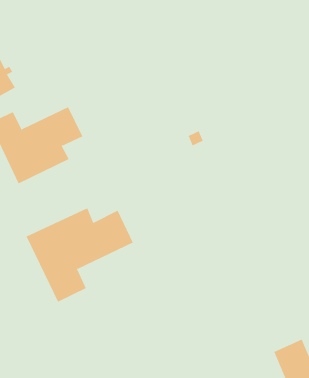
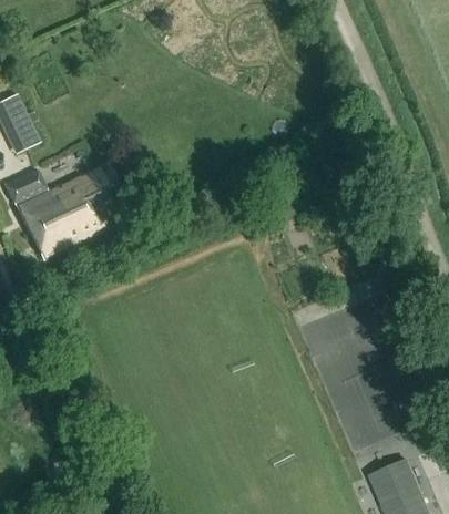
building: [26,207,133,302] -> none

